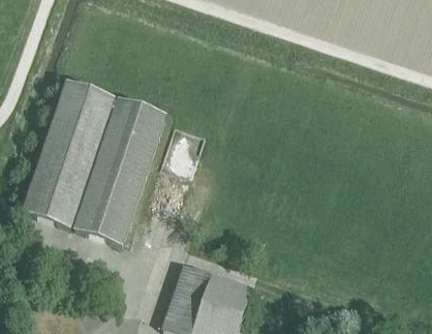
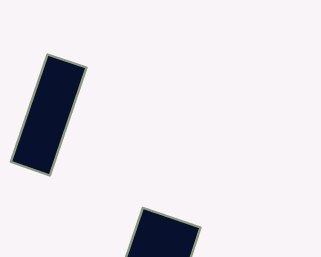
building: [73,96,166,243] -> none

